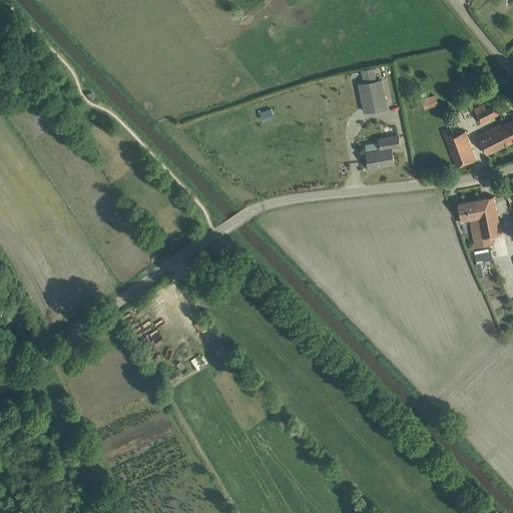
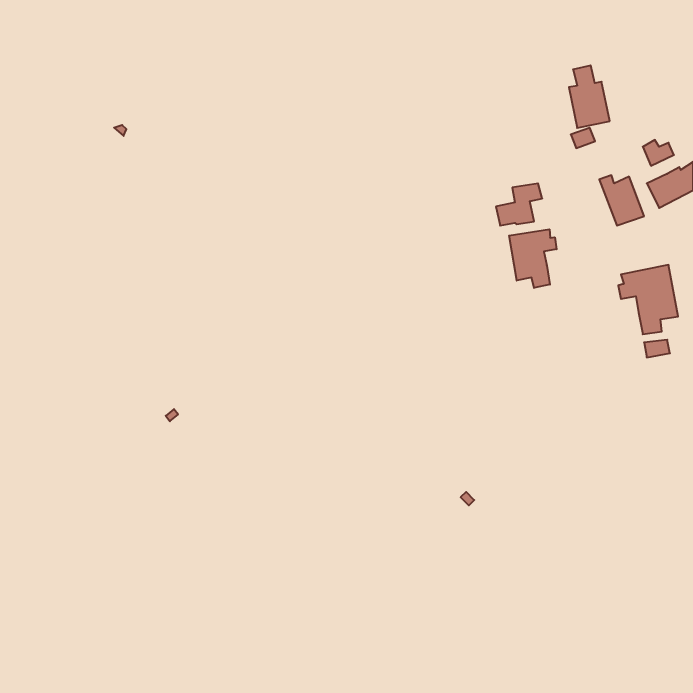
building: [357,68,387,114] -> [569,65,610,128]
building: none -> [509,229,557,288]

